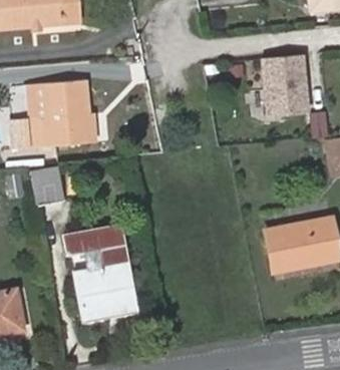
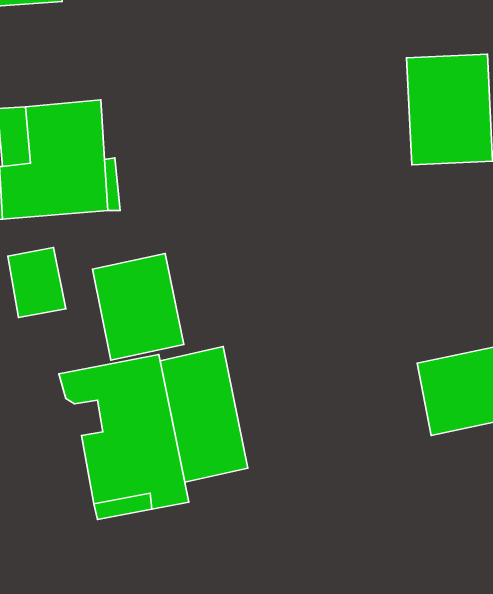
building: none -> [92,253,184,360]
building: none -> [160,347,248,482]

